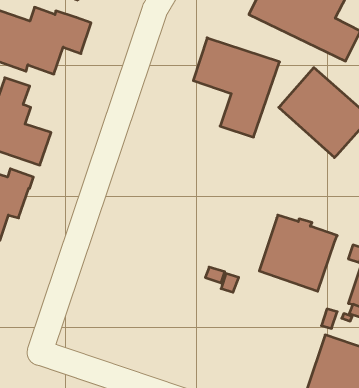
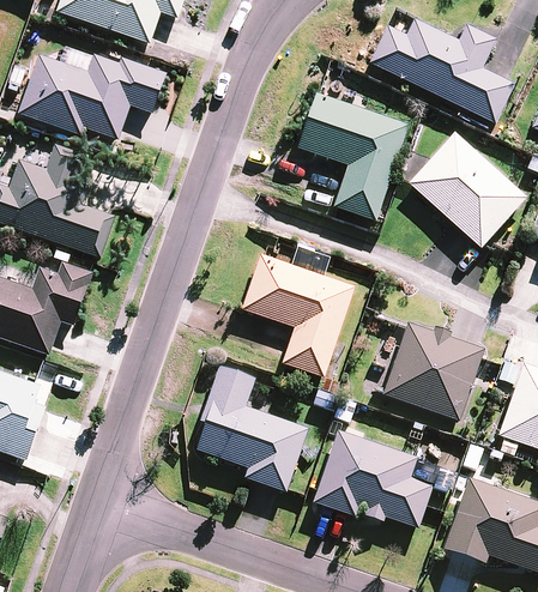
building: none -> [241,254,353,376]
building: none -> [195,364,307,490]
building: none -> [312,429,433,527]

